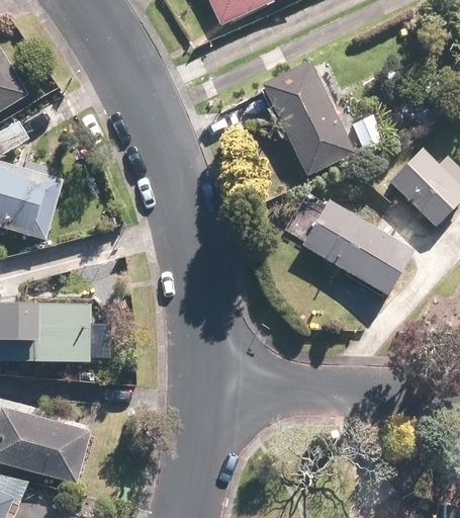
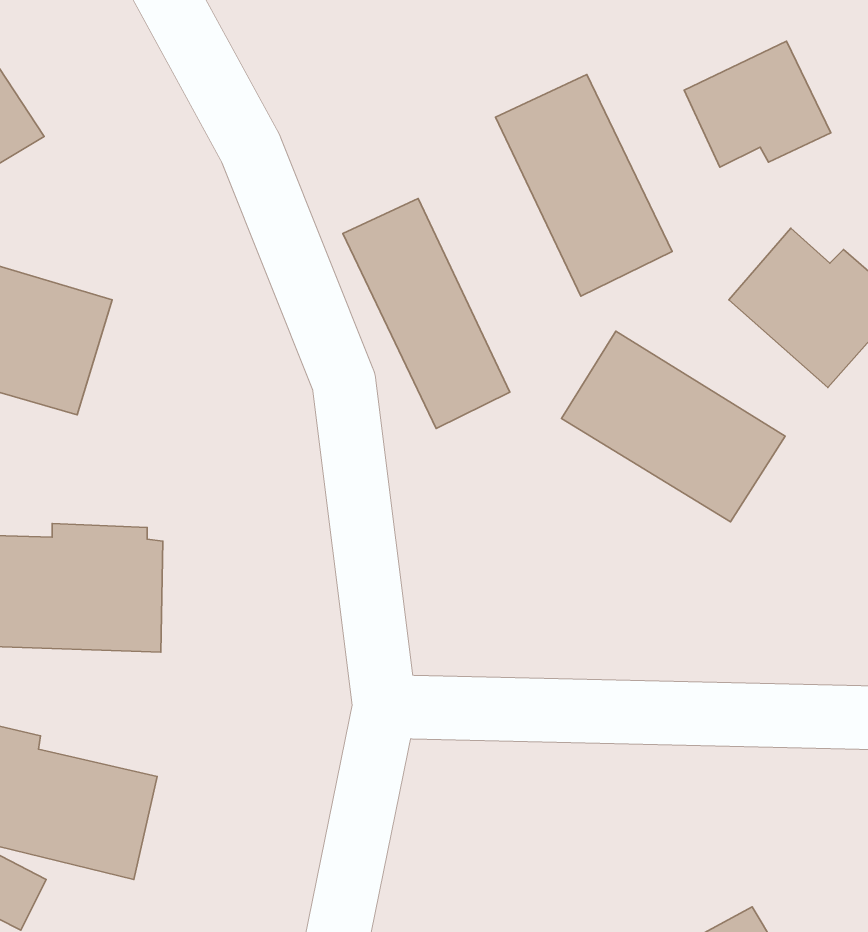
building: none -> [684,41,831,167]
building: none -> [343,198,510,428]

